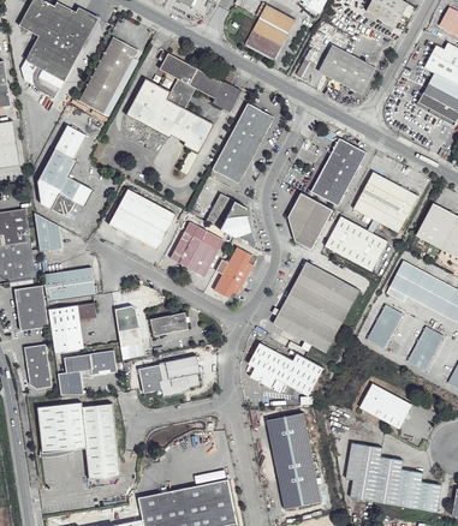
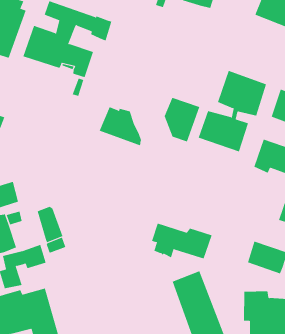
building: [210,103,273,183] -> none
building: [310,137,367,204] -> none
building: [108,187,176,249] -> none
building: [171,222,224,275] -> none
building: [213,246,256,300] -> none
building: [273,259,359,352] -> none
building: [365,305,403,351] -> none
building: [149,312,188,337] -> none
building: [138,357,198,399] -> none

